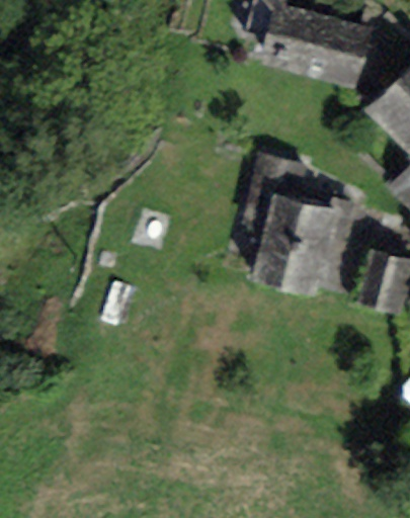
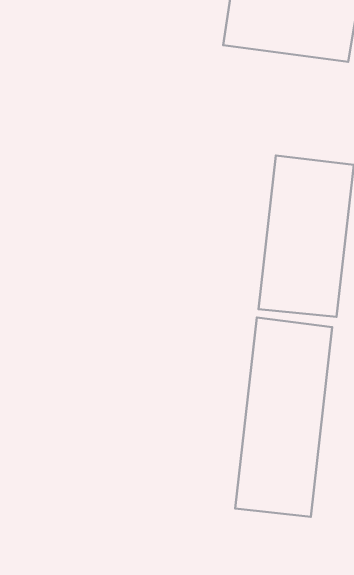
building: none -> [235,318,332,517]

